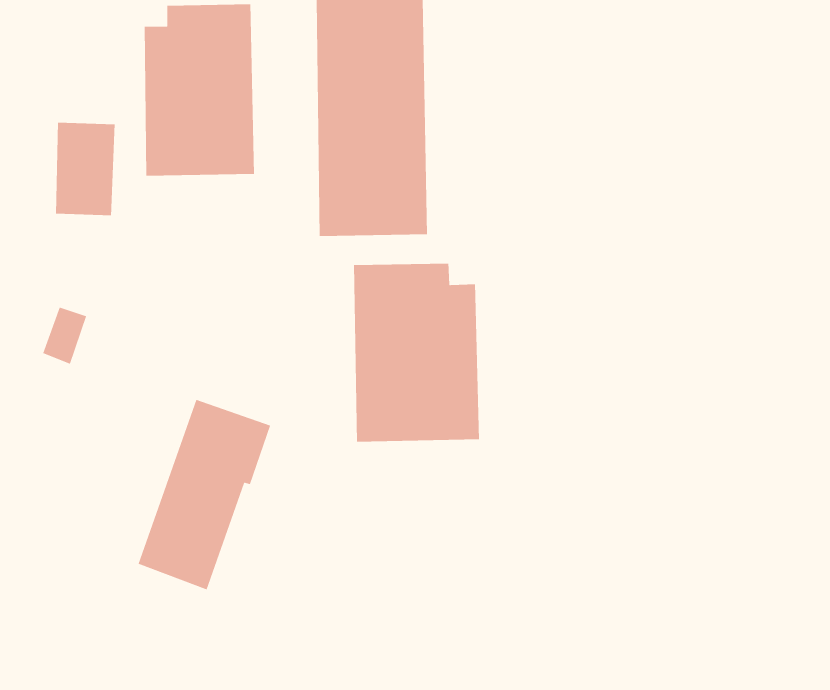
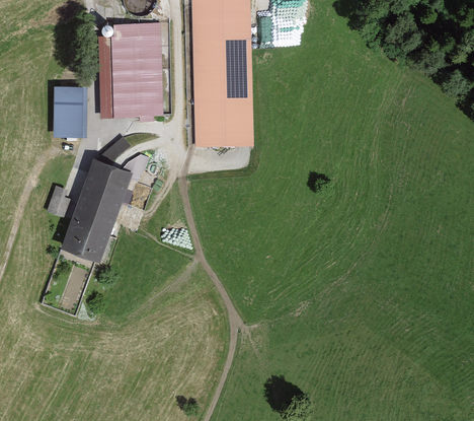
building: [353,263,480,442] -> none
building: [138,399,271,591] -> [64,158,136,262]

